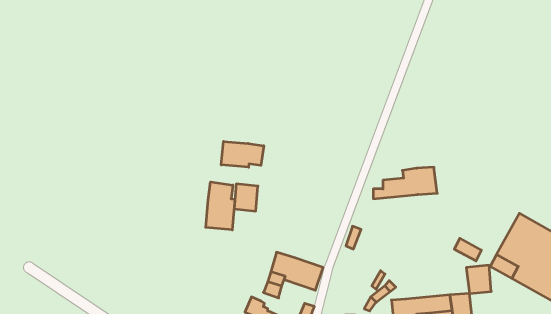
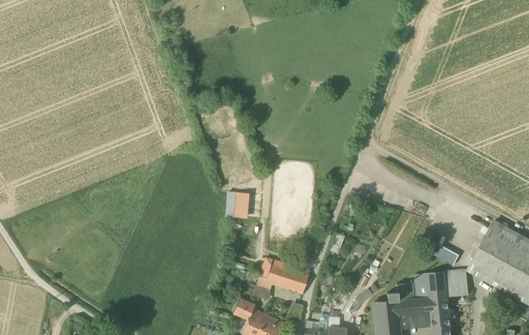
building: [221,141,264,167] -> none
building: [373,167,437,199] -> [387,272,448,302]
building: [206,182,235,230] -> none

